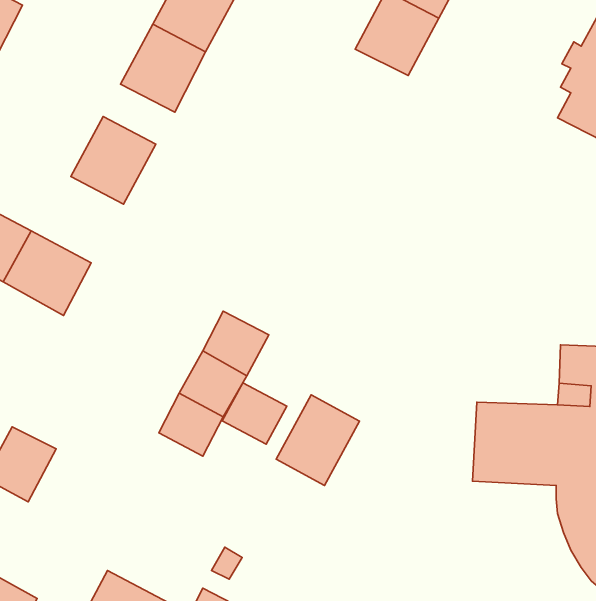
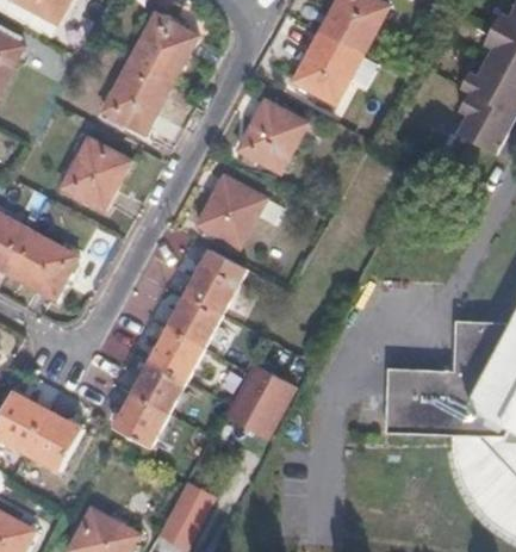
building: none -> [238,100,306,172]
building: none -> [198,175,265,247]
building: none -> [185,263,240,315]
building: [222,383,287,444] -> [116,395,168,445]
building: none -> [26,408,83,470]

